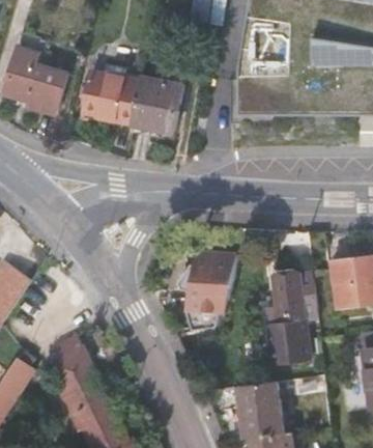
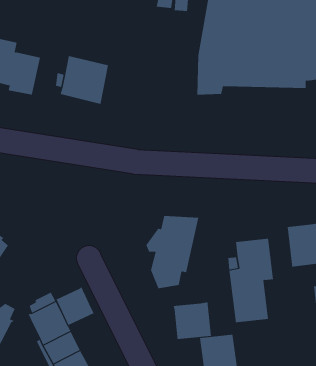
building: [128,78,181,142] -> none
building: none -> [56,286,95,326]
building: none -> [173,302,211,340]

